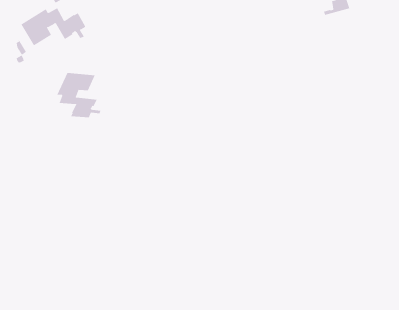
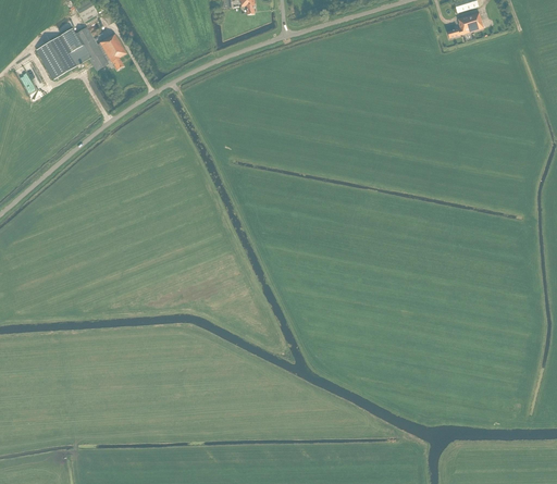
building: [56,72,101,118] -> none

